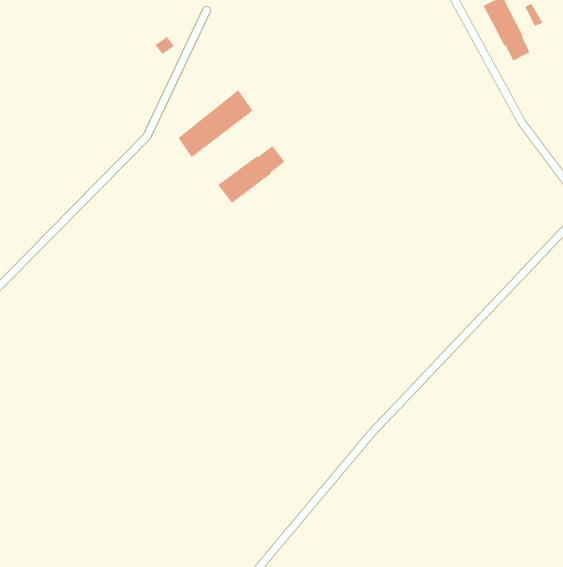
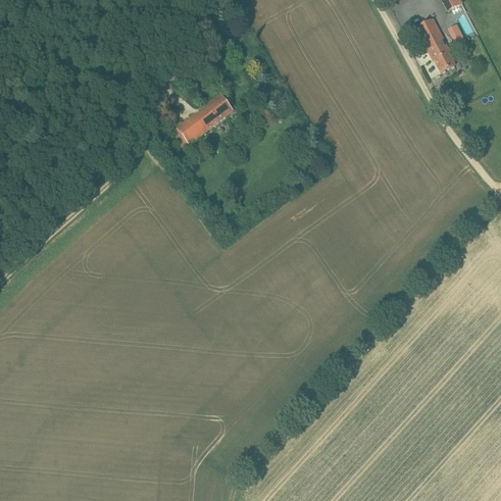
building: [217,145,285,204] -> none

